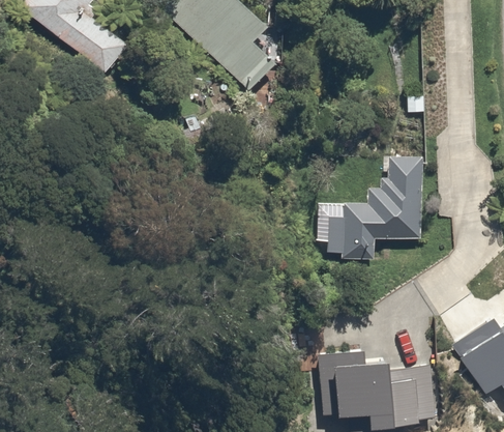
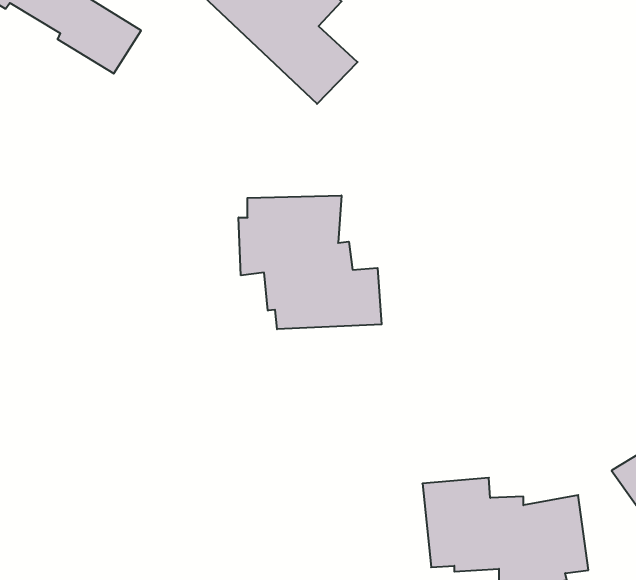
building: [321,150,427,259] -> none
building: none -> [239,195,382,329]

